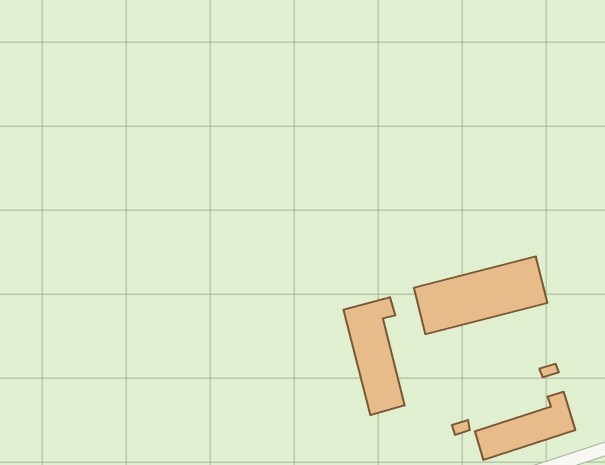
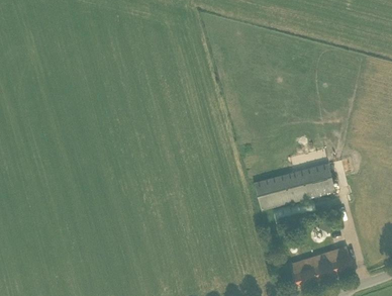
building: [344,297,405,415] -> none

